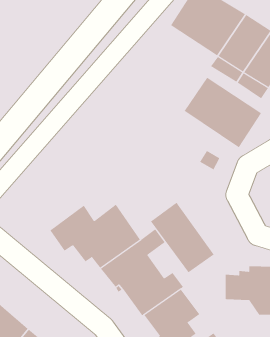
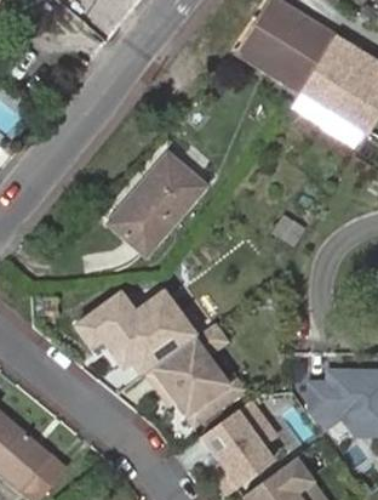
building: [184,77,262,148] -> none
building: none -> [109,157,204,252]
building: [150,202,215,273] -> none

